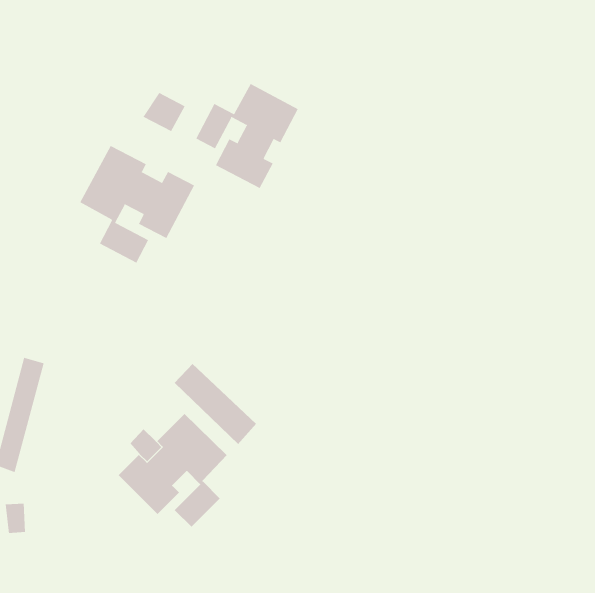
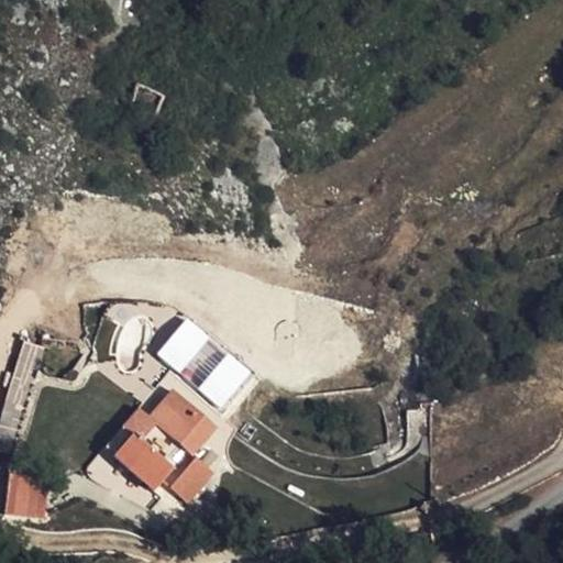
building: [196,83,298,189] -> none
building: [80,145,195,264] -> none

